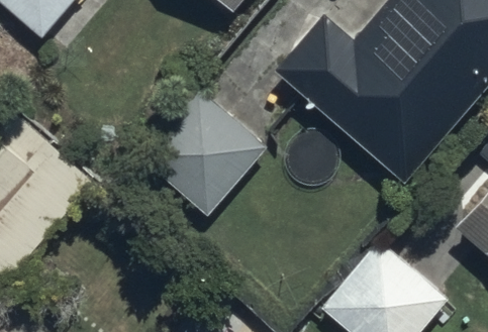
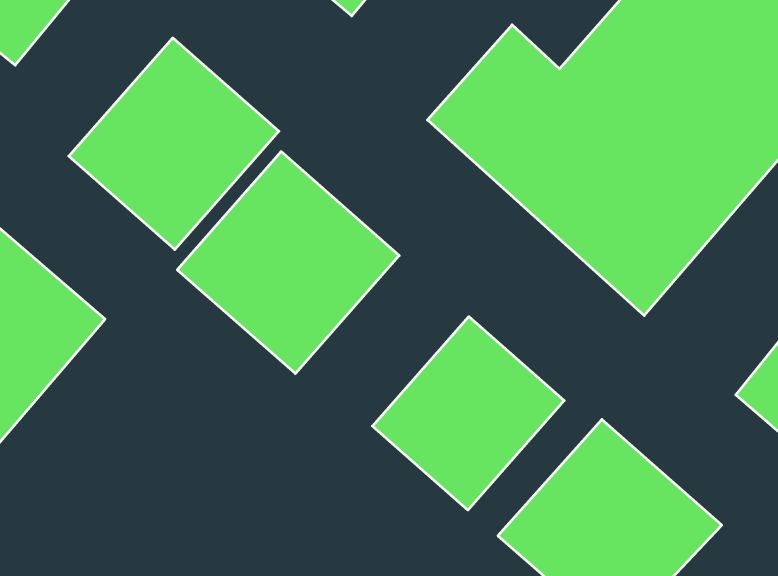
building: none -> [69,38,279,250]
building: none -> [372,317,564,510]

